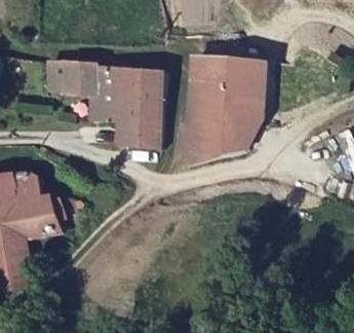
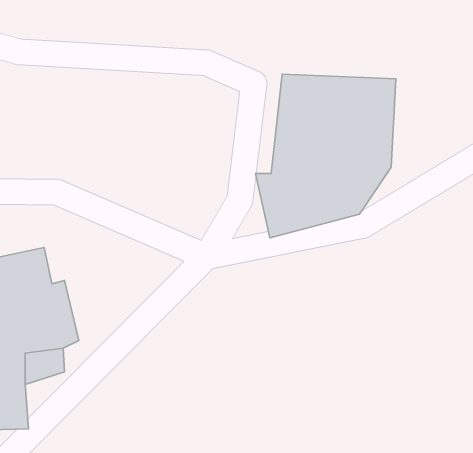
building: [50,61,162,143] -> none

